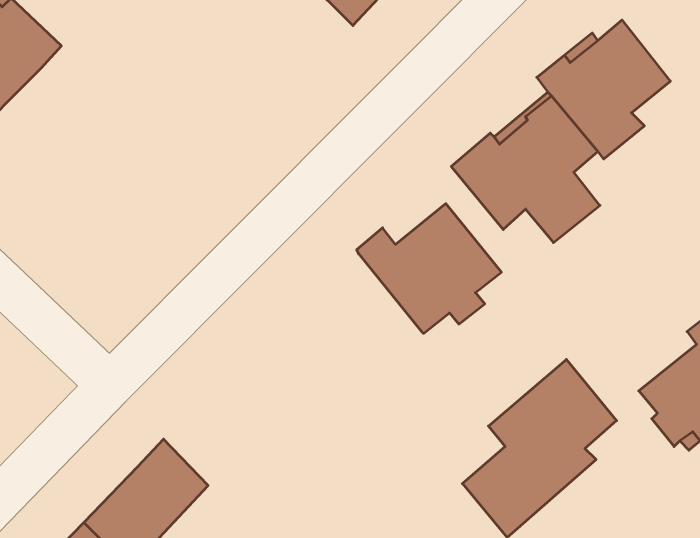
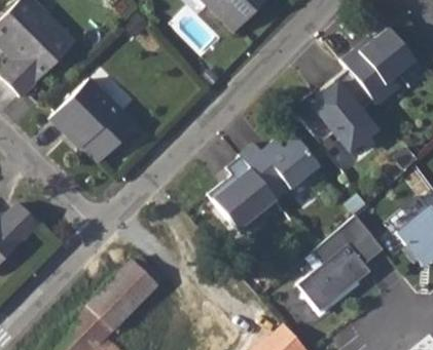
building: none -> [56,81,140,163]
building: none -> [208,157,275,231]

